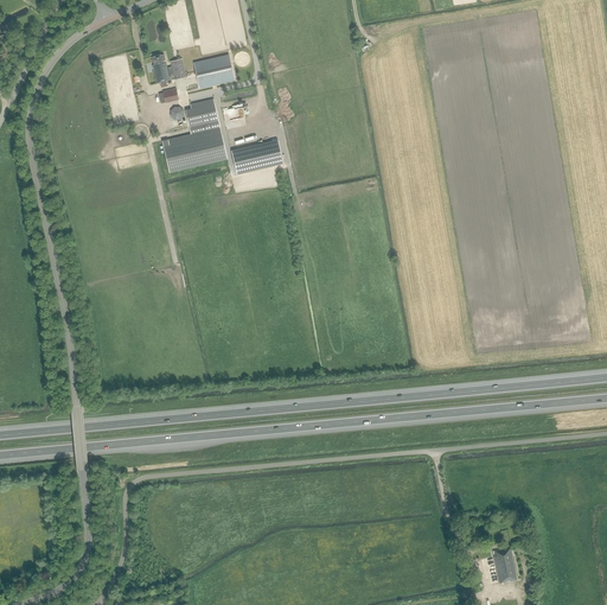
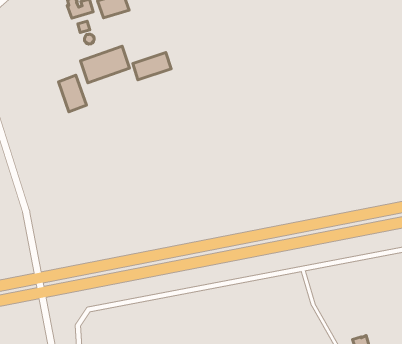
building: [185,97,217,126] -> none
building: none -> [58,75,86,112]

